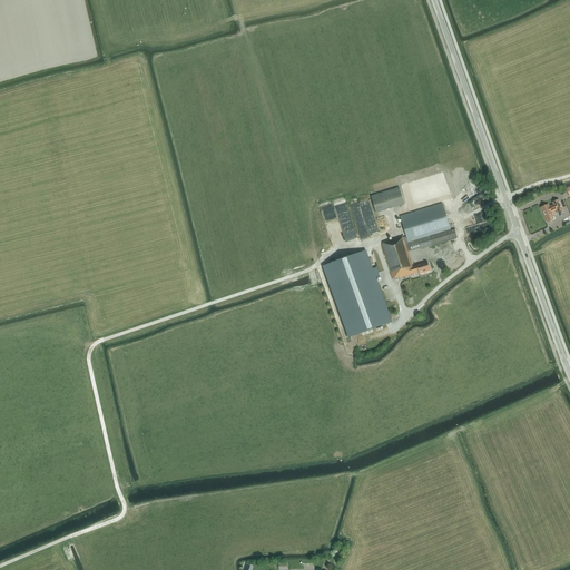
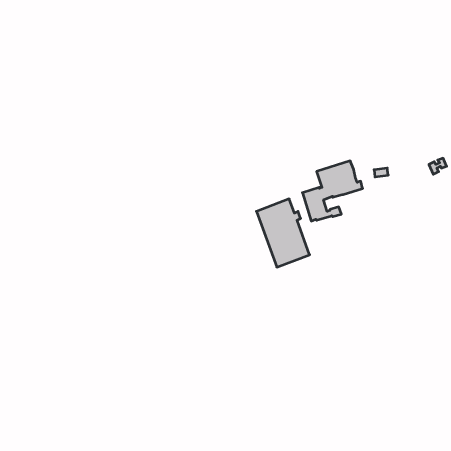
building: [370,186,403,212] -> none

